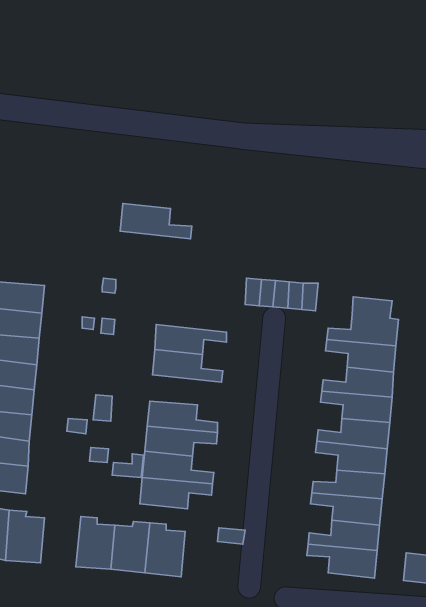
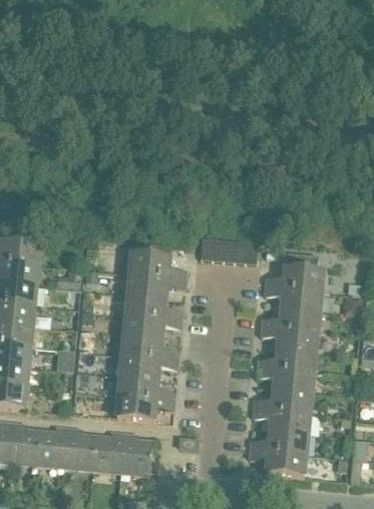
building: [120,204,192,239] -> [129,252,186,281]
building: none -> [124,315,181,339]
building: none -> [37,426,69,468]

